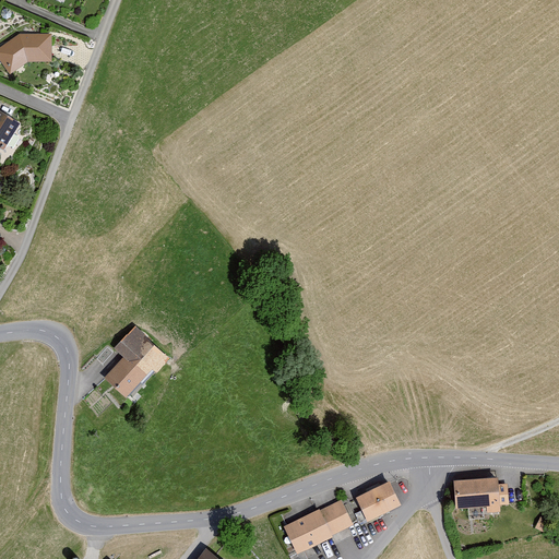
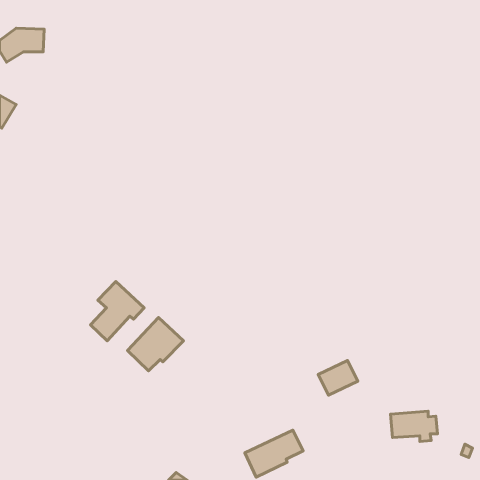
building: none -> [128,317,184,371]
building: [355,481,401,522] -> [318,360,358,395]

